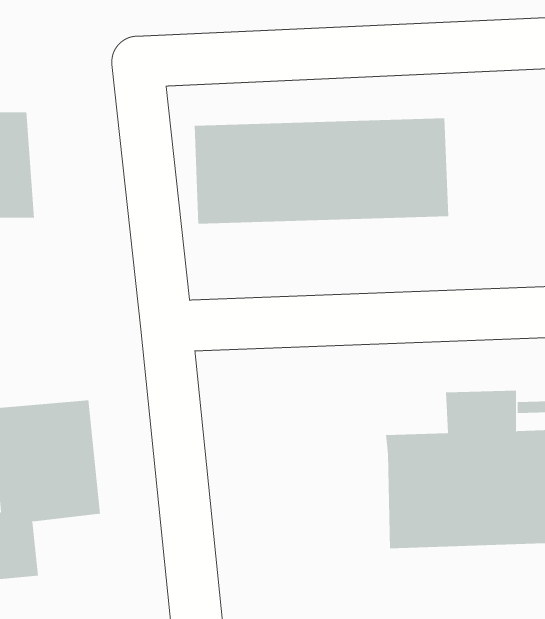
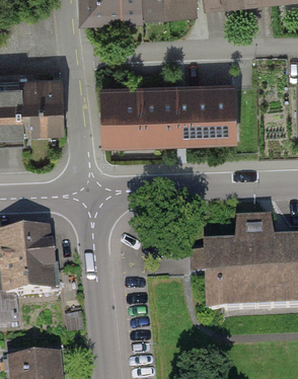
building: none -> [15,78,62,137]

